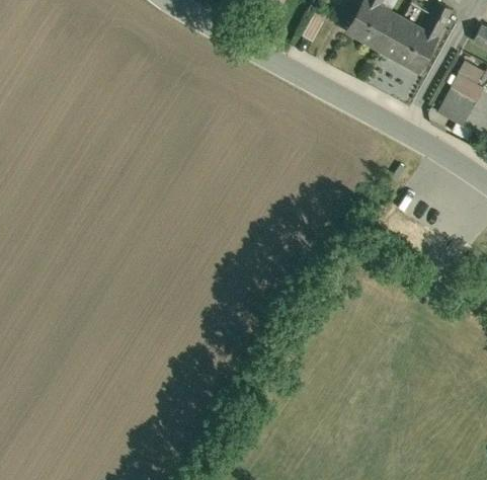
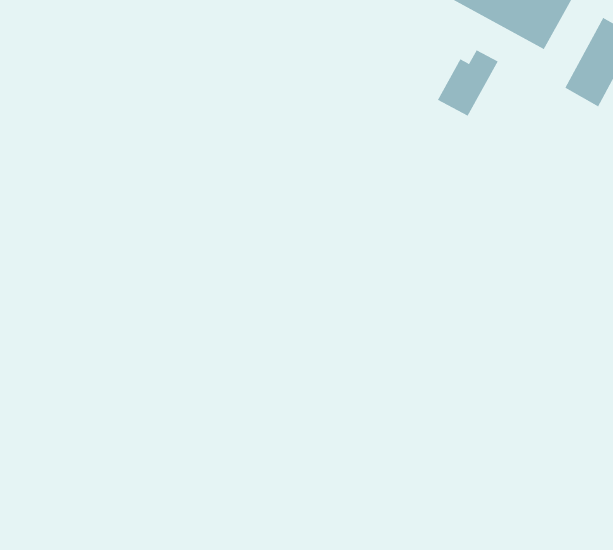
building: none -> [437,49,498,117]

